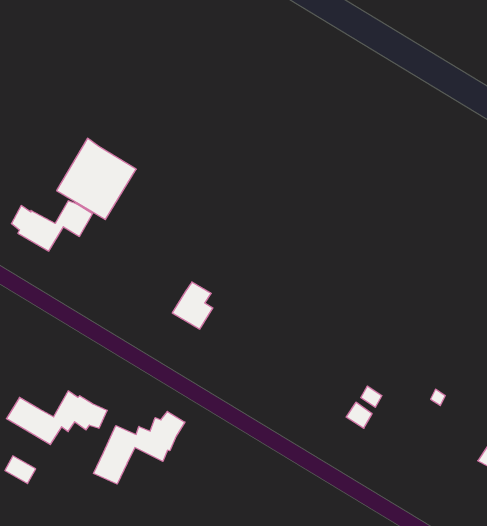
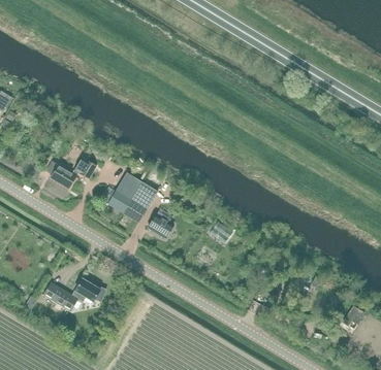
building: [57,138,136,220] -> [106,171,157,223]
building: [93,411,185,484] -> none

